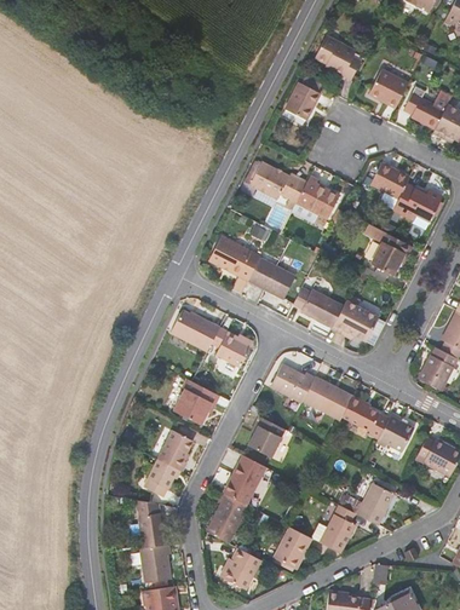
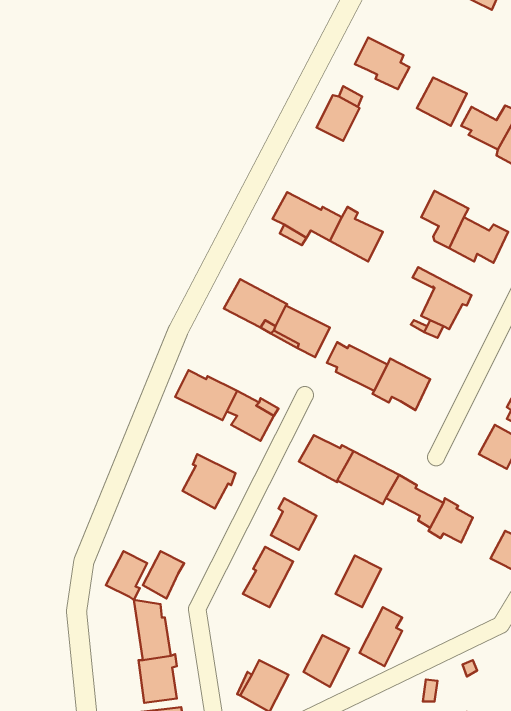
building: [156,430,190,470] -> [106,551,147,600]
building: [356,482,393,524] -> [336,556,381,607]
building: [206,491,247,542] -> none

